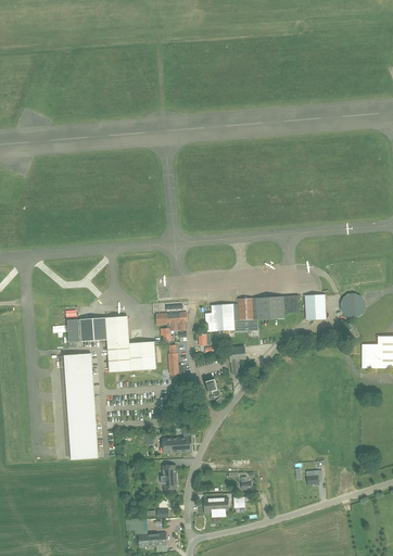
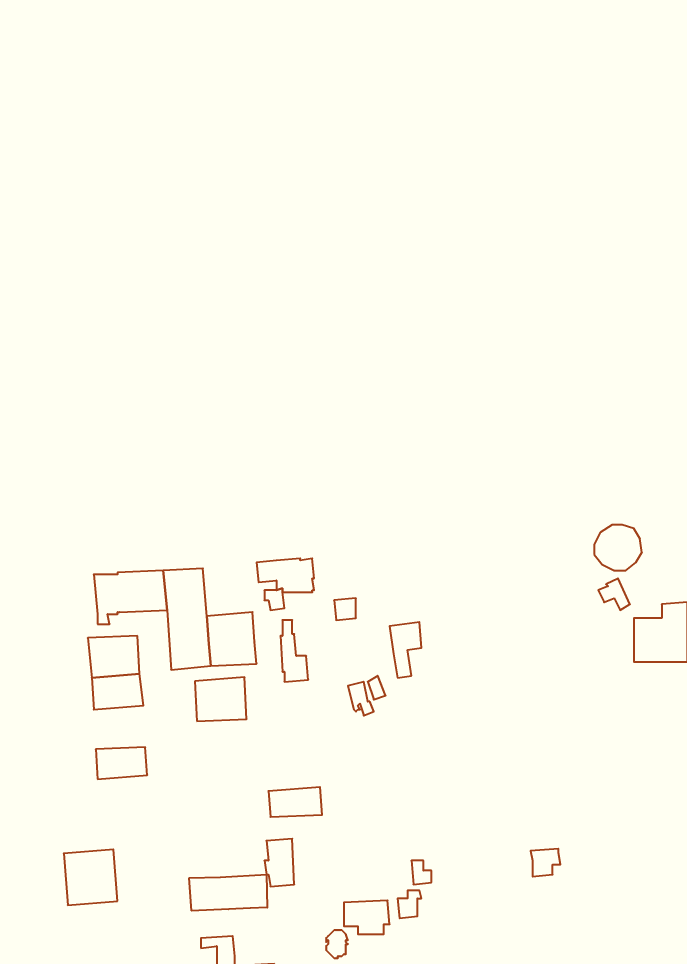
building: [204,294,299,331] -> none
building: [305,294,326,318] -> none
building: [66,391,94,415] -> [195,677,247,721]
building: [68,429,98,459] -> [64,849,117,905]
building: none -> [189,875,267,911]

